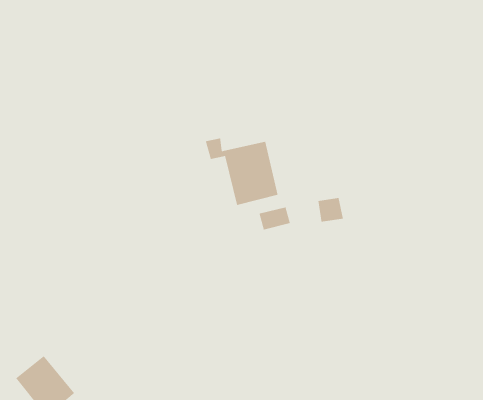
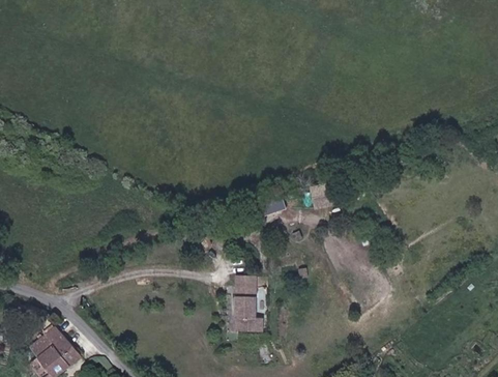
building: [205,138,279,206] -> none
building: none -> [234,277,262,331]

